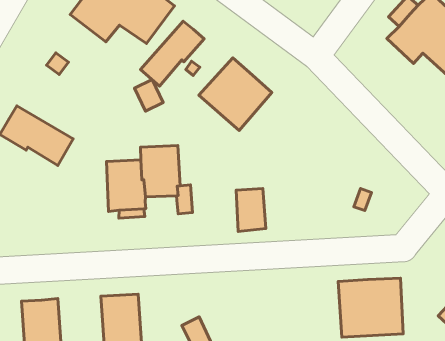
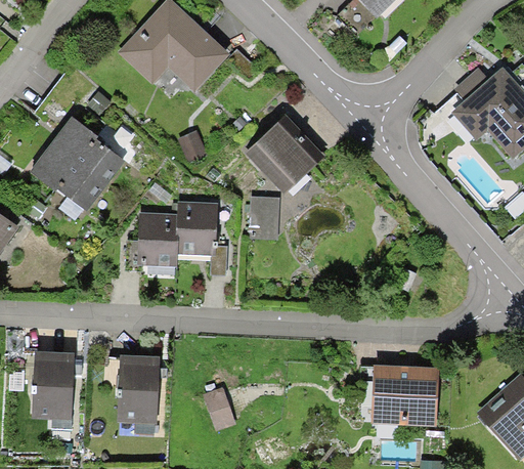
building: [141,21,204,86] -> none
building: none -> [51,116,125,184]
building: [236,188,266,231] -> [250,196,280,240]

